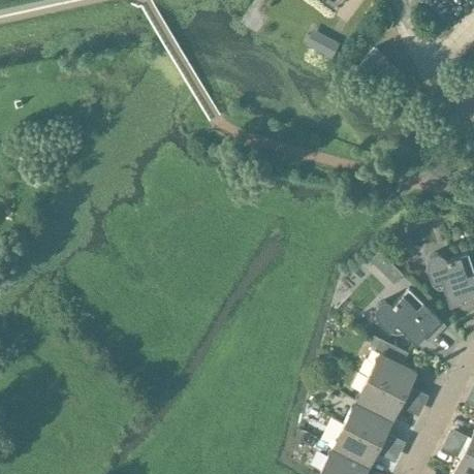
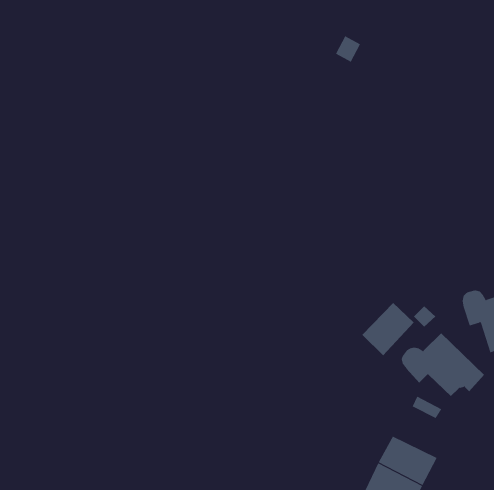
building: none -> [361,302,414,356]
building: [368,355,417,398] -> none

